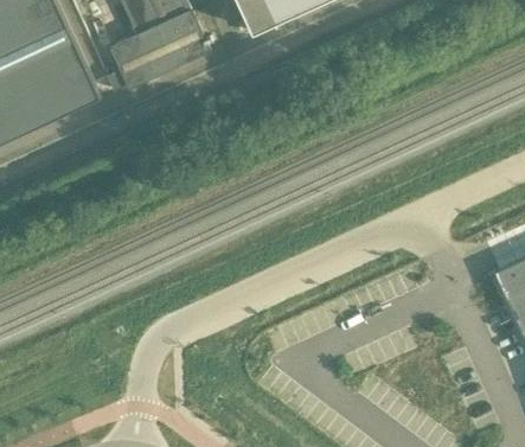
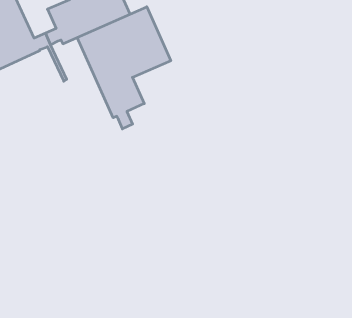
building: none -> [77,7,171,129]

